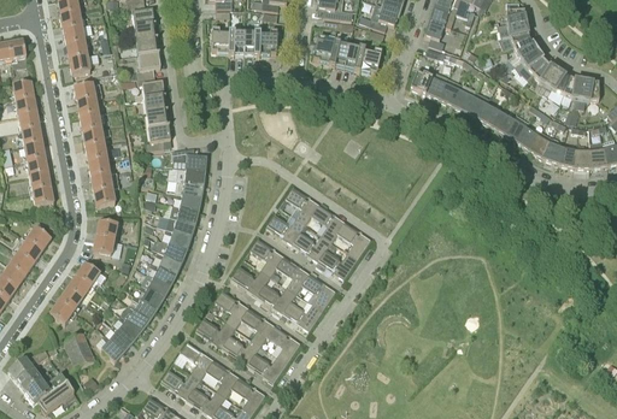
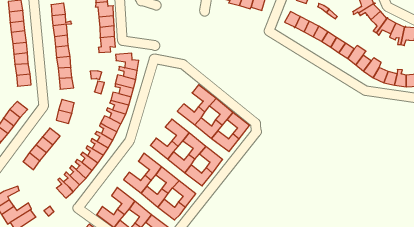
building: [64,334,94,371] -> none

